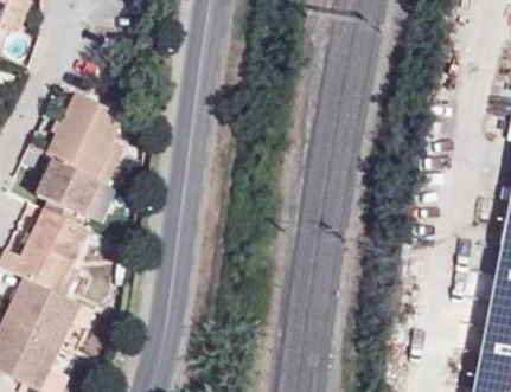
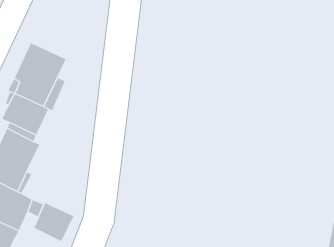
building: none -> [34,202,74,242]

